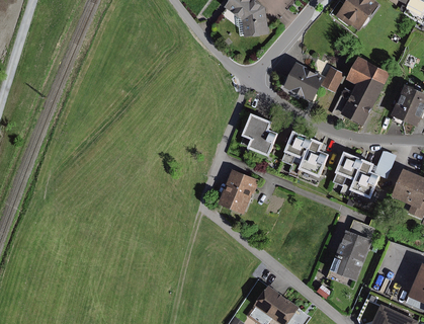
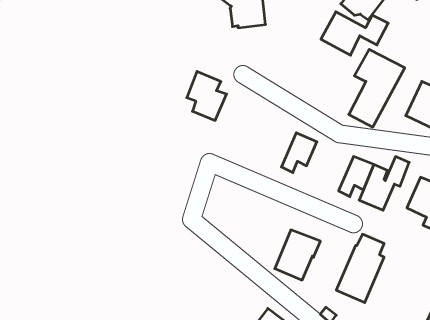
building: [281,63,341,101] -> [321,12,388,55]
building: [243,112,278,156] -> [187,71,227,120]
building: [299,138,330,177] -> none
building: [218,169,258,214] -> [275,230,320,280]

